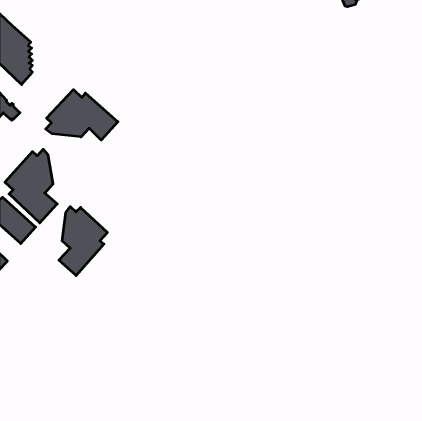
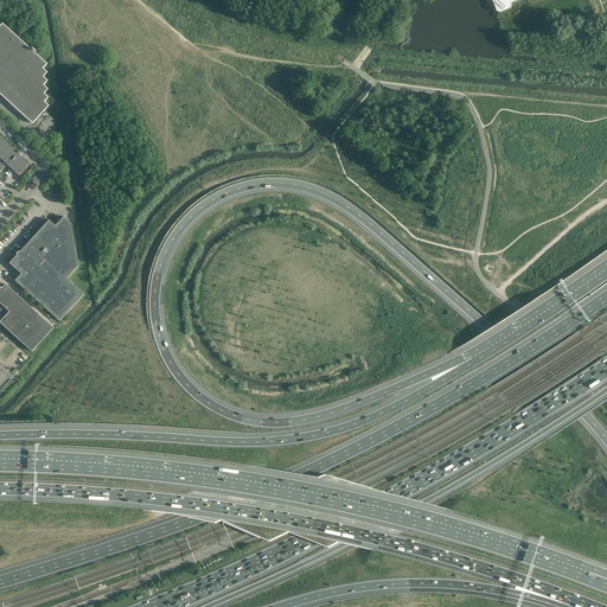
building: [46,90,118,140] -> none
building: [59,207,107,276] -> none

